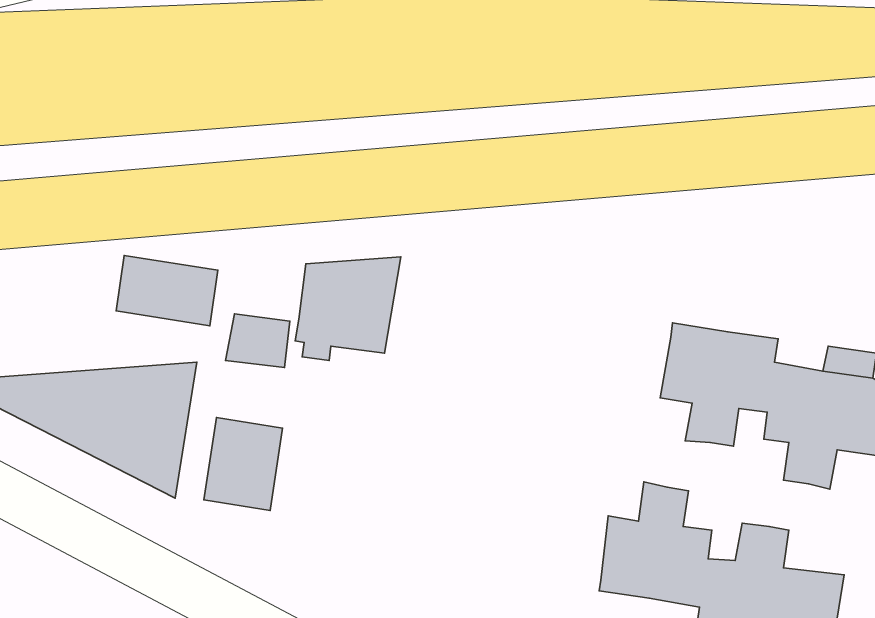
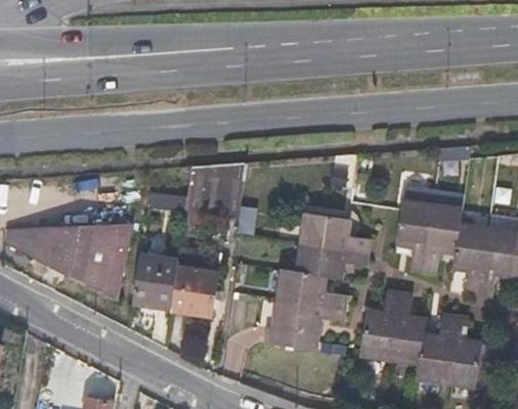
building: [116,255,218,326] -> none
building: none -> [263,212,365,351]
building: none -> [171,245,220,316]

